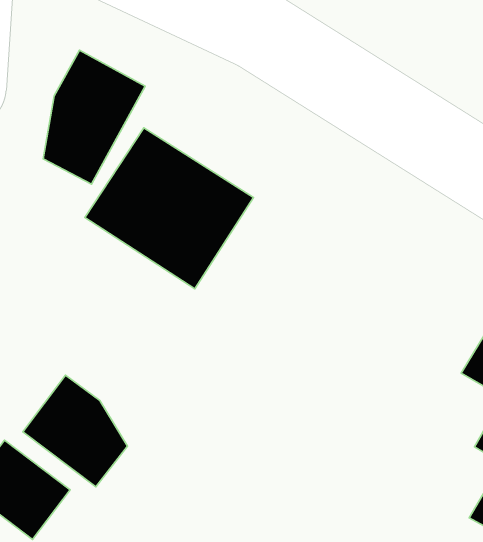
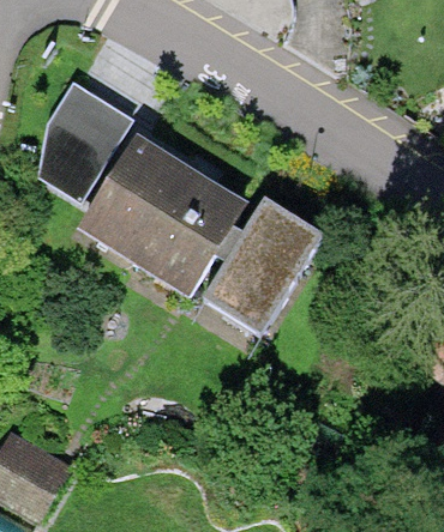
building: none -> [214,201,329,332]
building: [23,375,127,487] -> none

